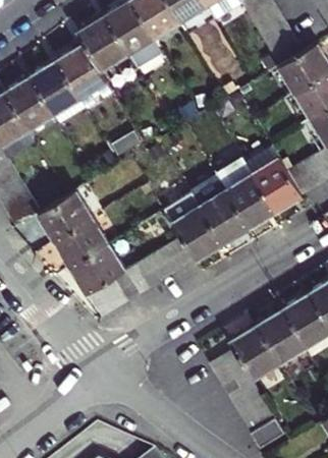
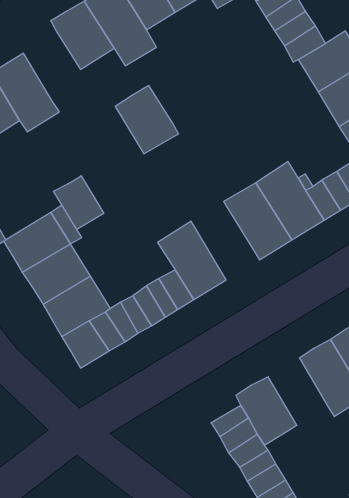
building: [53,43,105,99] -> [115,85,179,154]
building: none -> [53,176,104,230]
building: [190,181,247,245] -> none
building: [254,309,303,364] -> none

